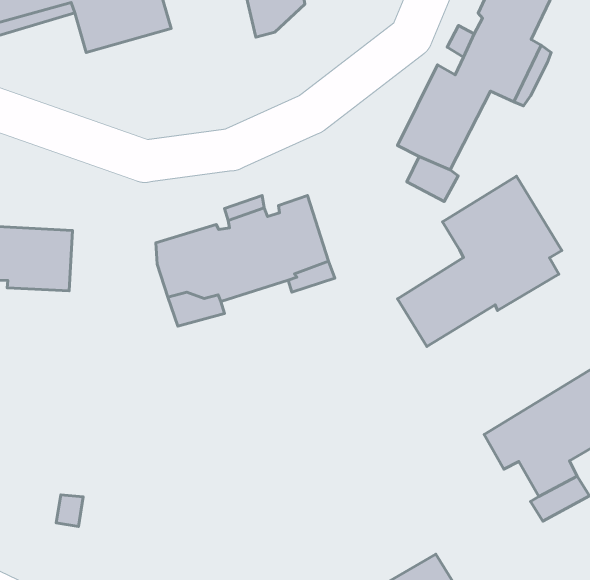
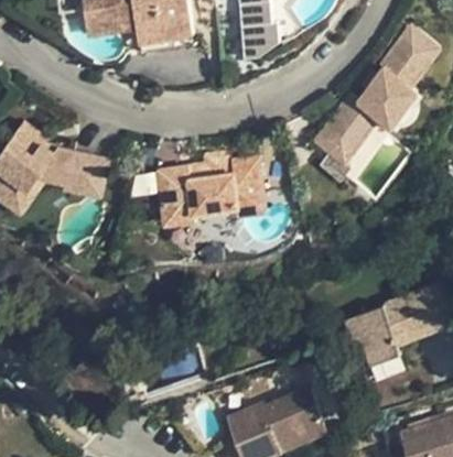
building: [398,176,562,346] -> none

